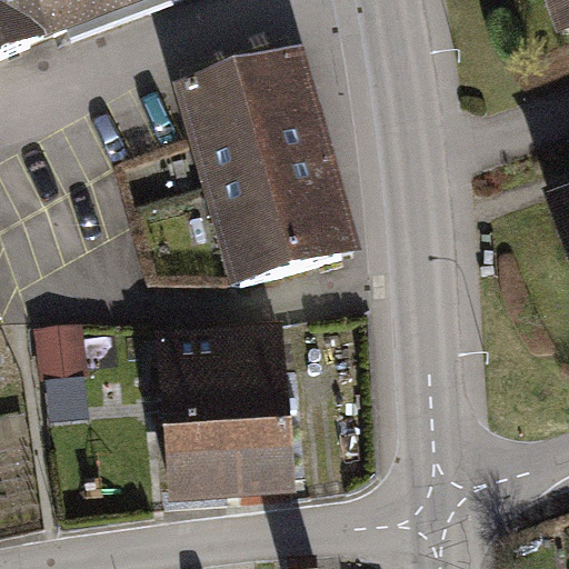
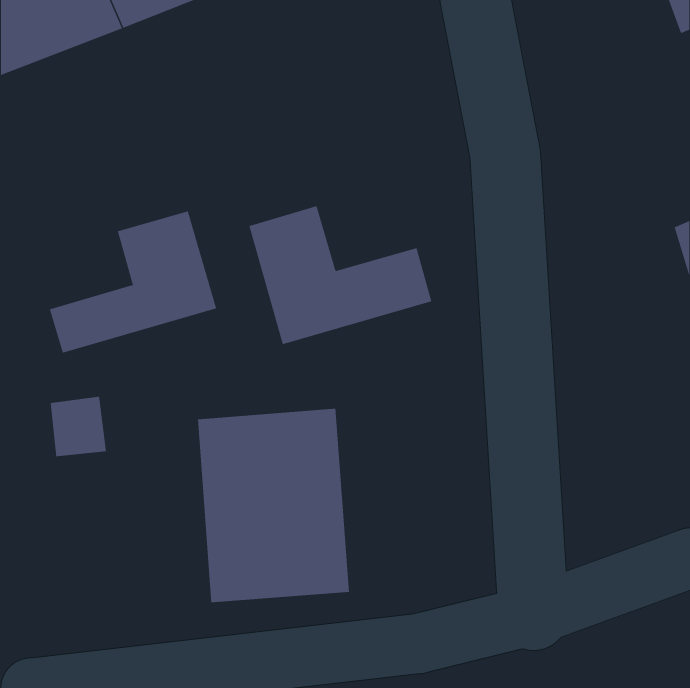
building: [176,50,343,222] -> none
building: none -> [49,211,217,353]

